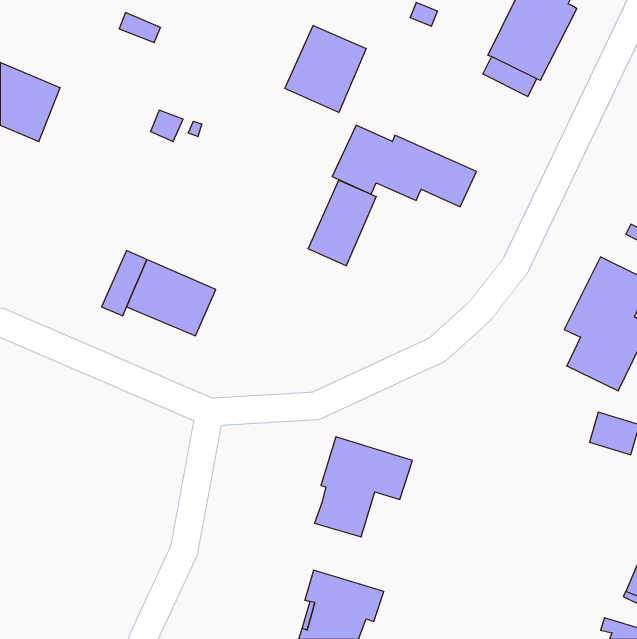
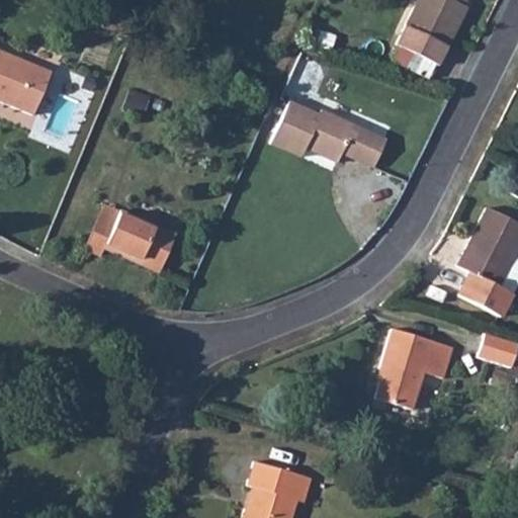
building: [285,25,366,113] -> none
building: [308,180,376,266] -> none
building: [315,437,412,537] -> [375,328,454,409]

